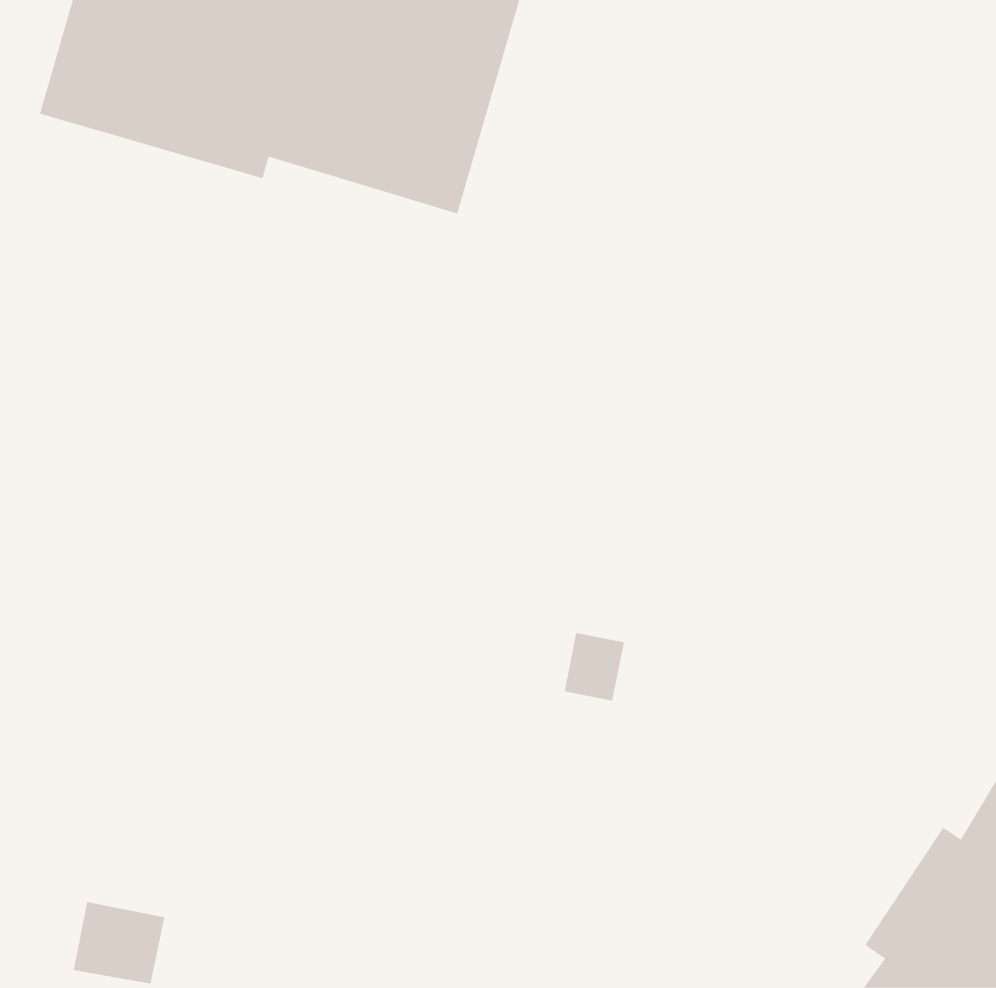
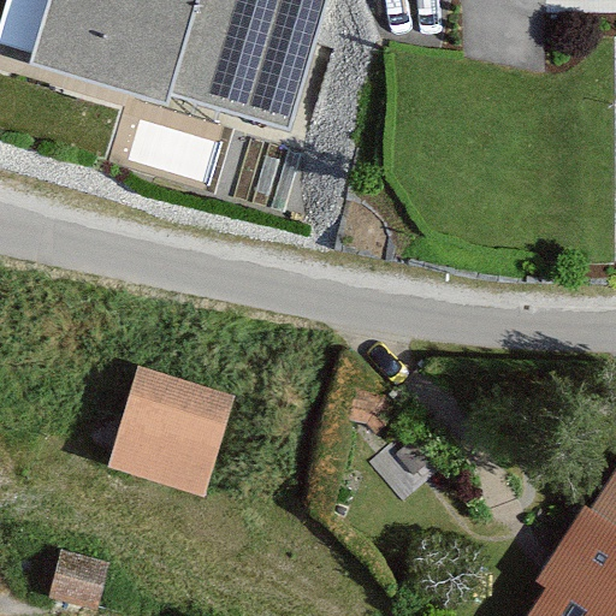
building: none -> [108,363,236,494]

